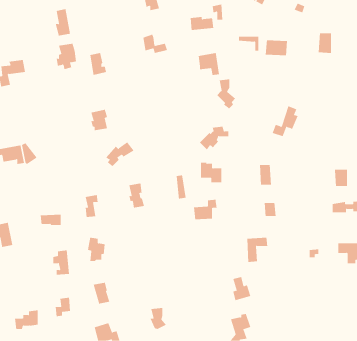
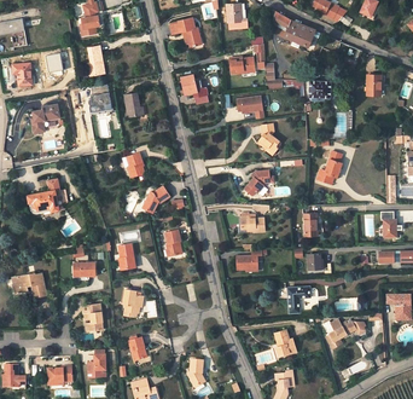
building: none -> [328,320,371,347]

